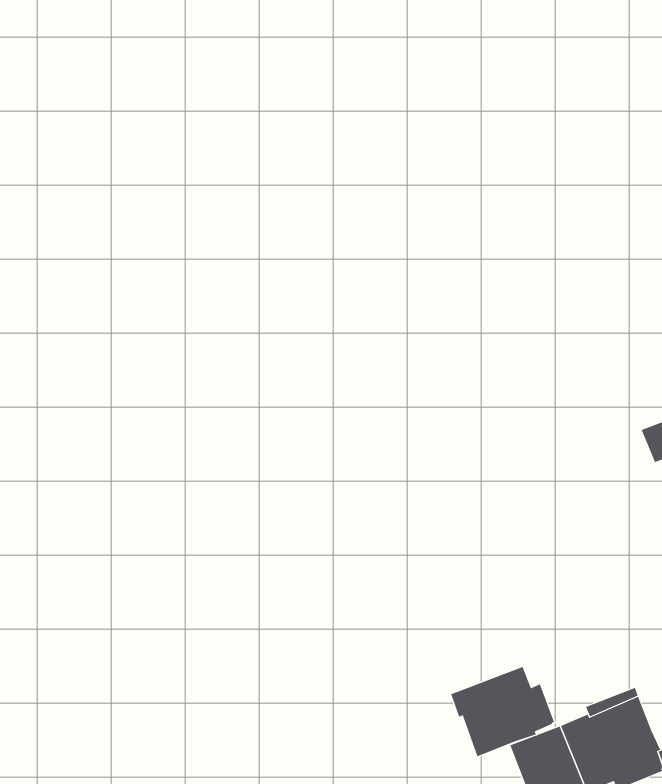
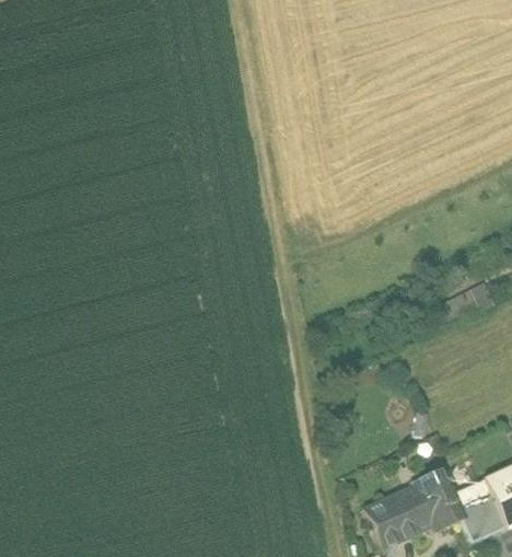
building: [450,666,555,757] -> none

